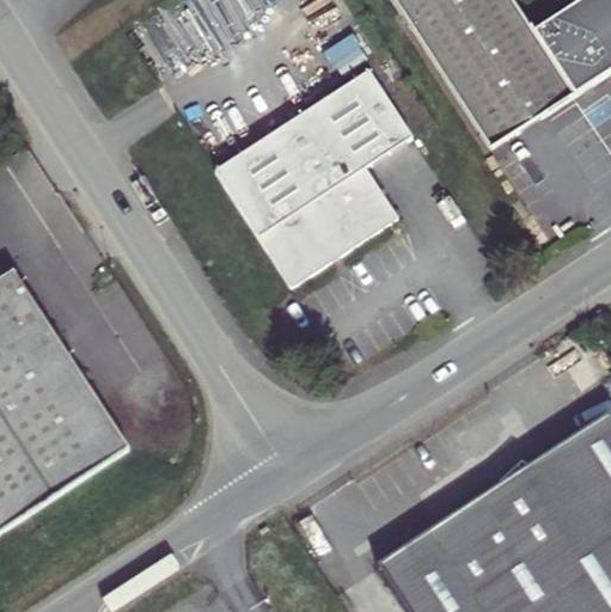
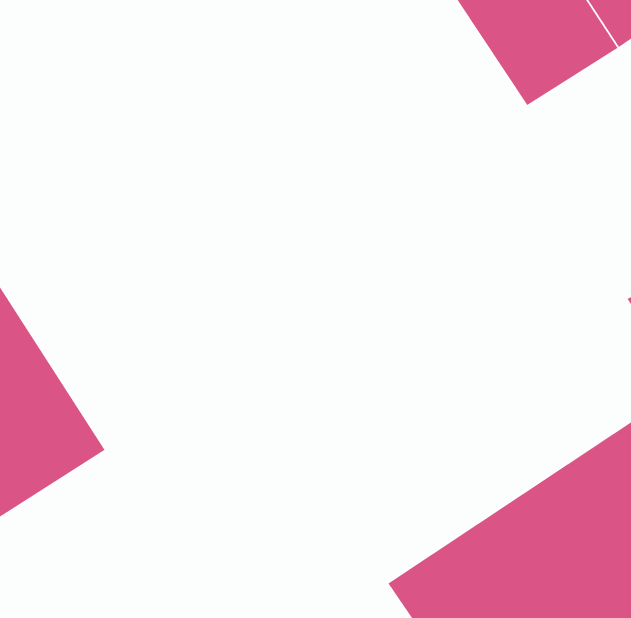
building: [216,66,415,284] -> none

